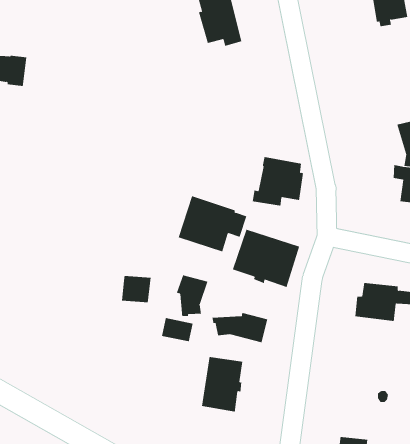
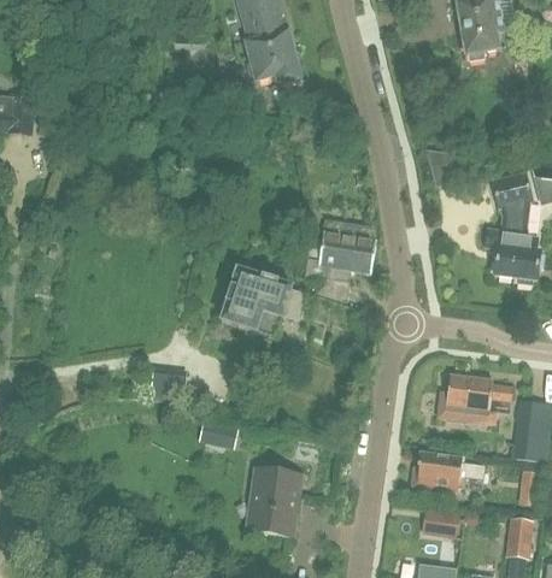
building: [232,229,300,288] -> none
building: [176,274,208,317] -> none
building: [212,312,268,343] -> none
building: none -> [411,453,483,489]
building: none -> [422,507,459,537]

